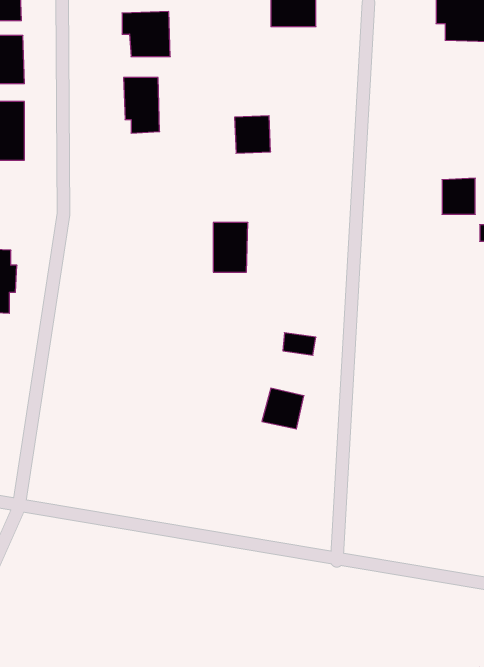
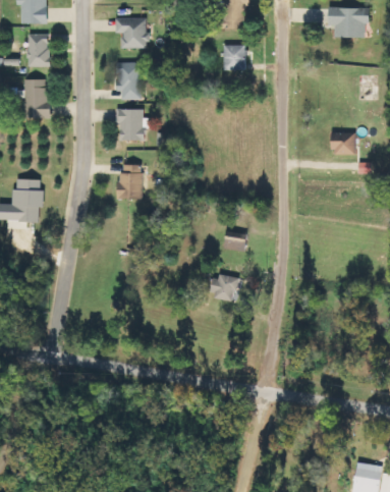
building: [235,116,271,153] -> [222,45,246,70]
building: none -> [117,109,146,141]
building: [213,223,248,272] -> [118,165,142,199]

